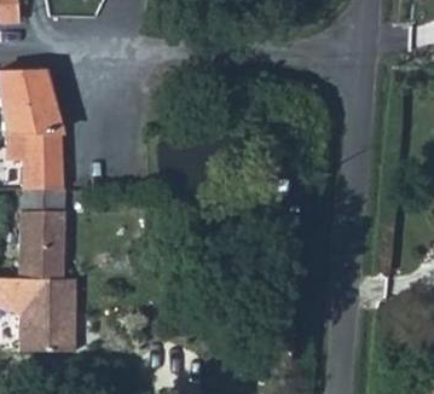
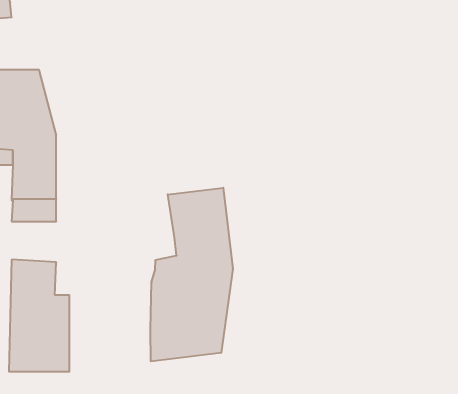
building: none -> [150,188,233,361]
building: [21,210,62,248] -> none

